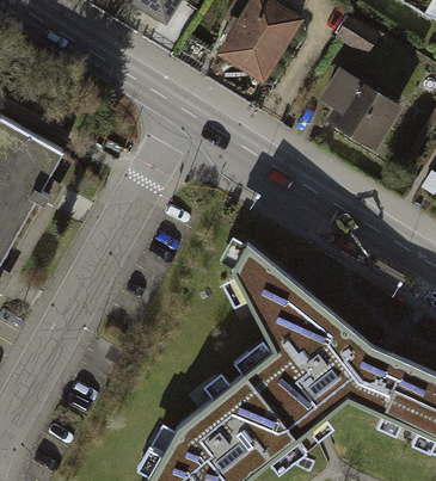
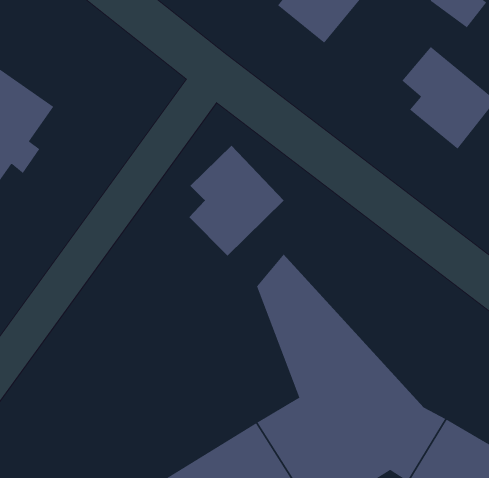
building: none -> [188,145,284,256]

